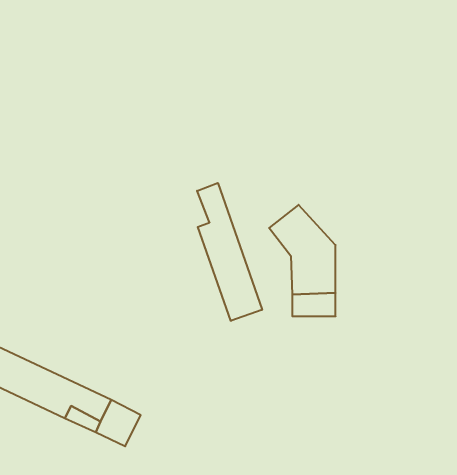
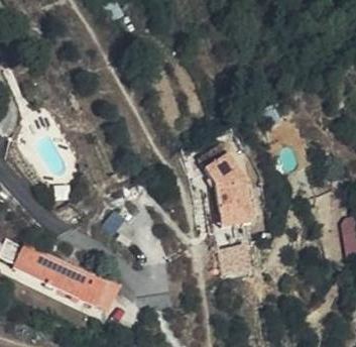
building: [197,183,262,321] -> none

